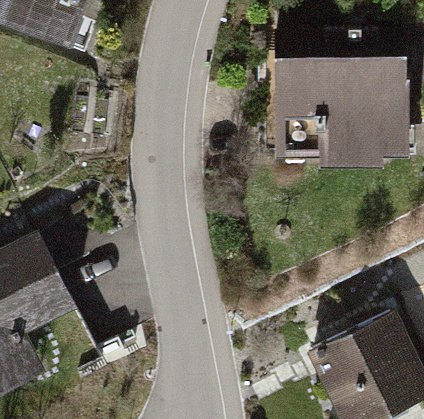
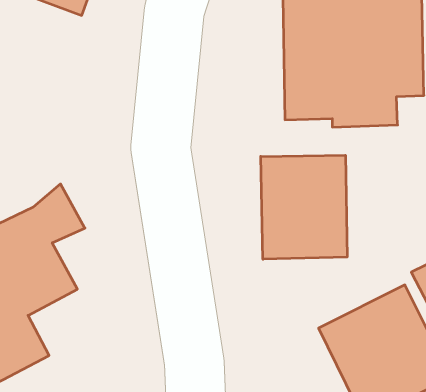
building: none -> [261,155,347,259]

